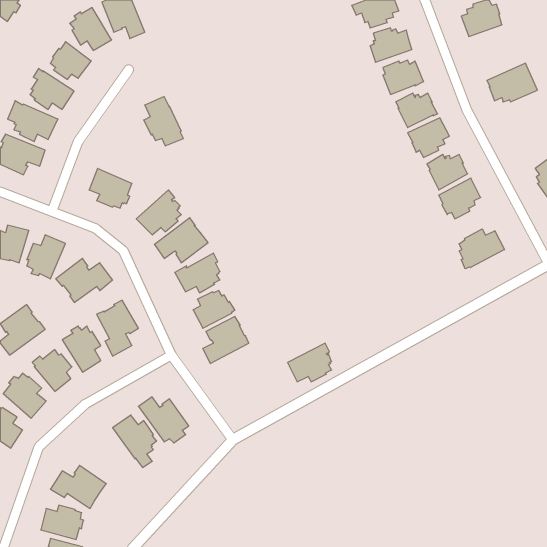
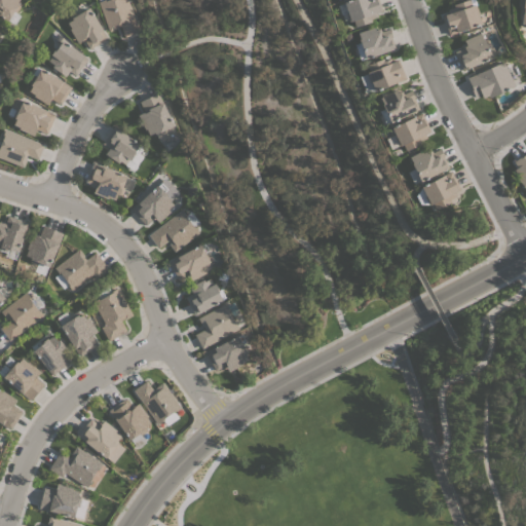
building: none -> [455,34,493,71]
building: none -> [103,127,140,165]
building: [459,229,505,269] -> none
building: [288,343,332,382] -> [206,335,249,372]
building: none -> [78,419,125,463]

